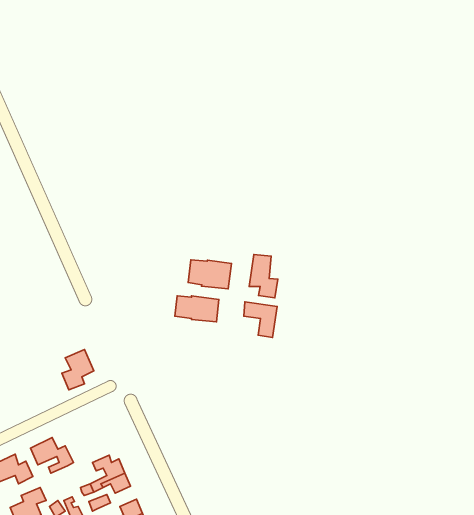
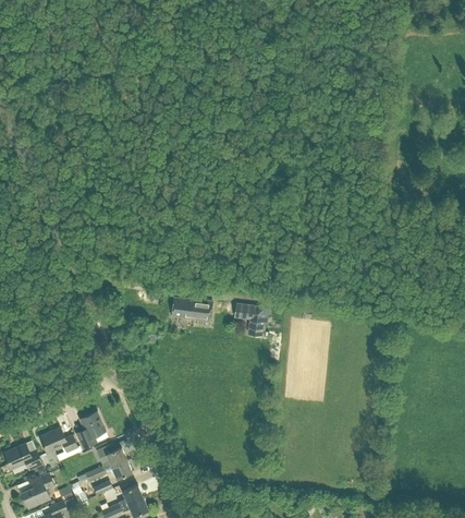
building: [249,254,278,298] -> none
building: [188,260,232,289] -> none
building: [62,349,94,390] -> [75,411,105,448]

